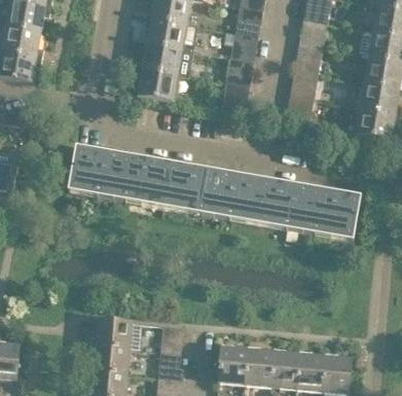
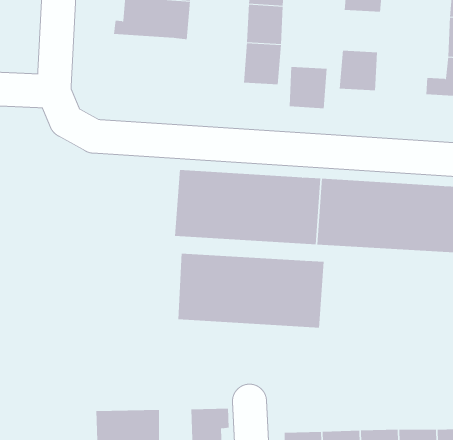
building: [136,66,177,100] -> none
building: [289,67,318,98] -> [289,67,328,109]
building: [68,145,171,206] -> [177,253,325,328]

